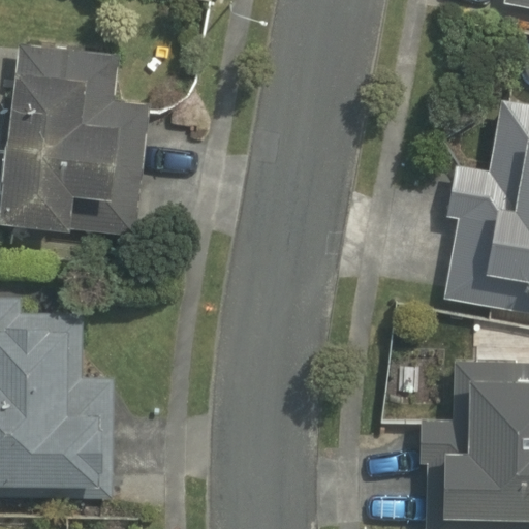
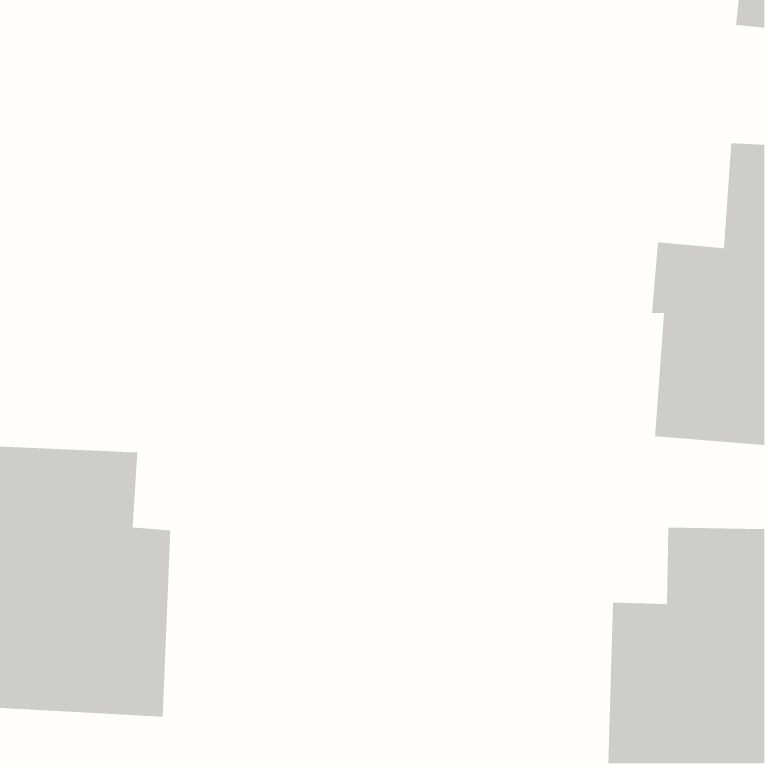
building: [9,52,148,227] -> none

